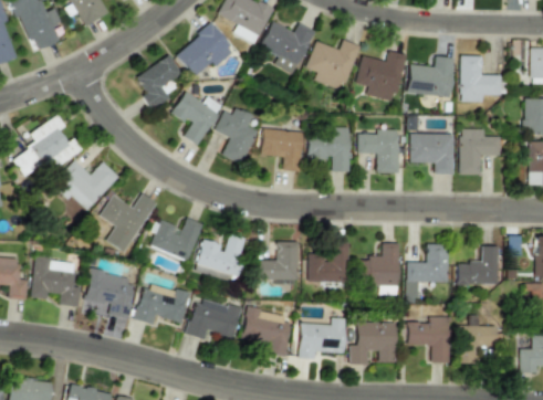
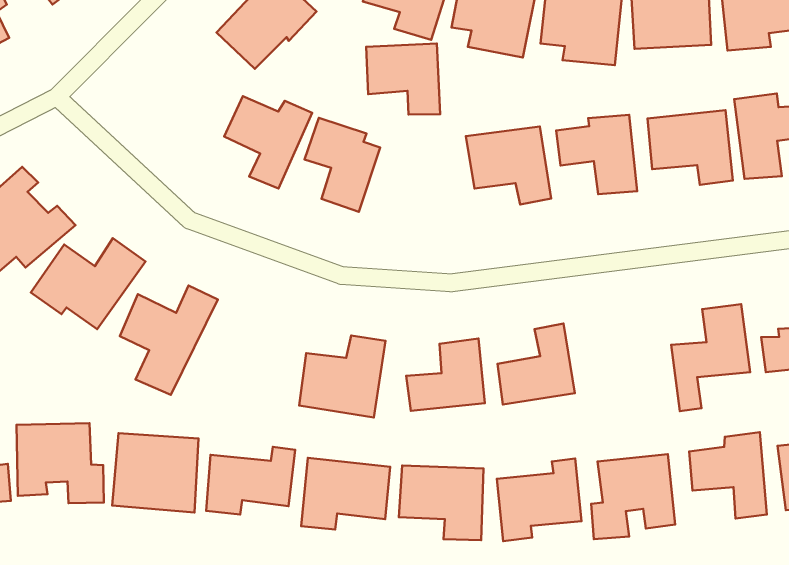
building: [136,55,182,107] -> none
building: [262,128,304,171] -> [366,43,440,114]
building: [149,219,200,261] -> none
building: [359,242,399,294] -> none

